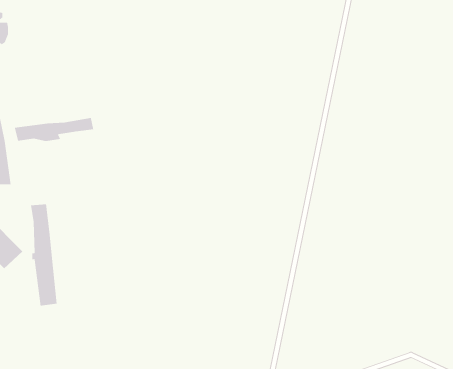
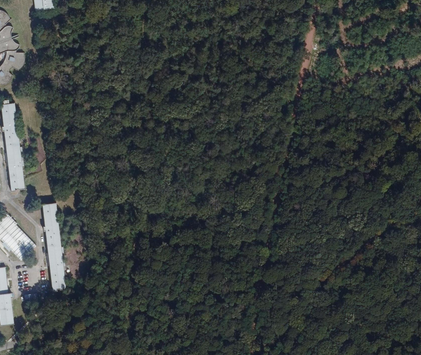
building: [14,117,94,142] -> none

